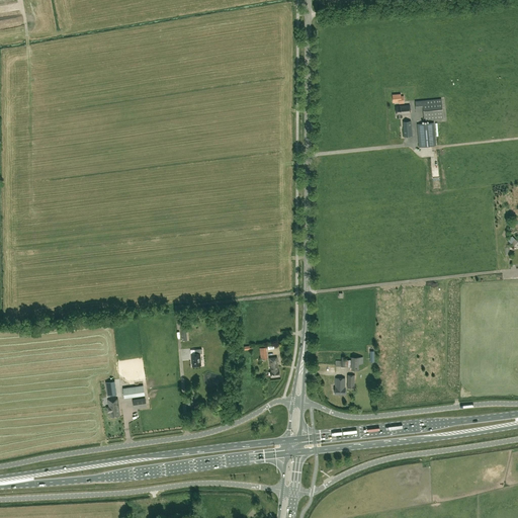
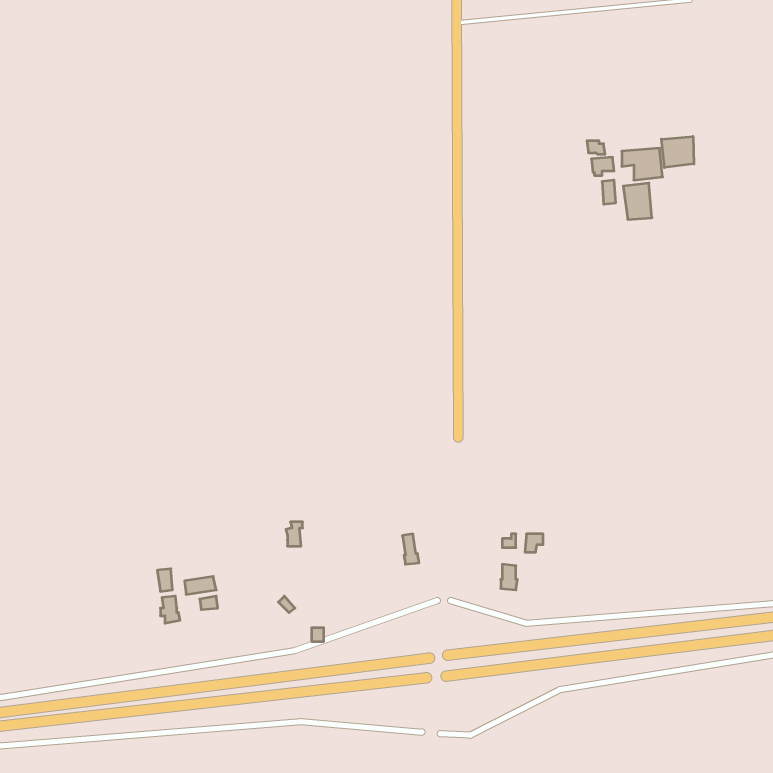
building: none -> [661,136,694,168]

